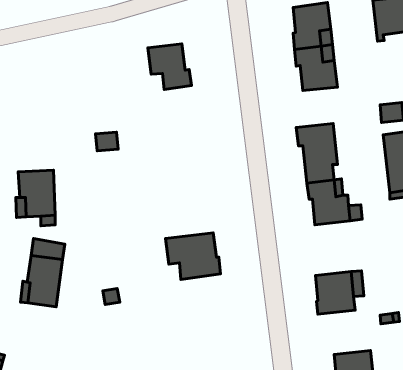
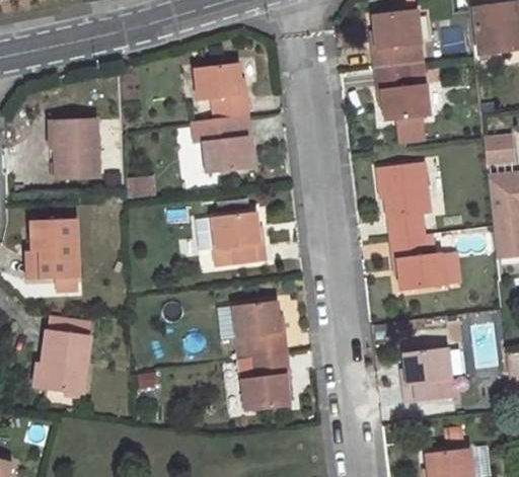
building: none -> [191,114,250,172]
building: none -> [52,127,96,185]
building: none -> [194,212,264,267]
building: none -> [234,351,289,411]

